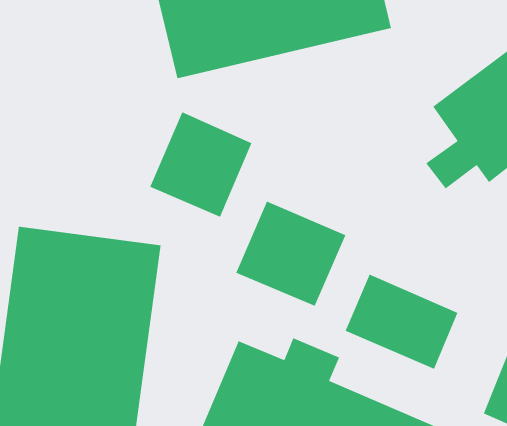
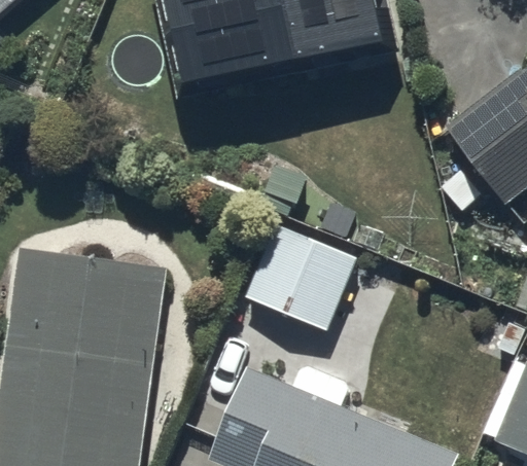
building: [149,111,252,218] -> none
building: [344,273,458,370] -> none

